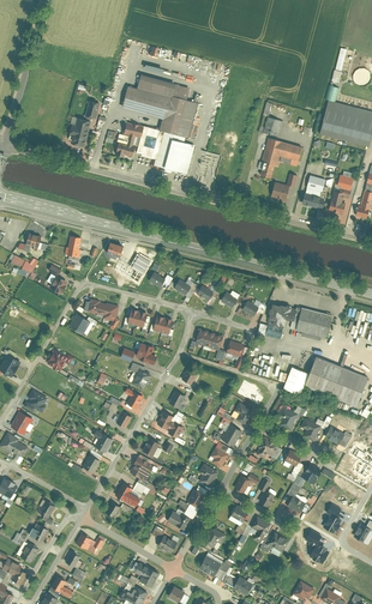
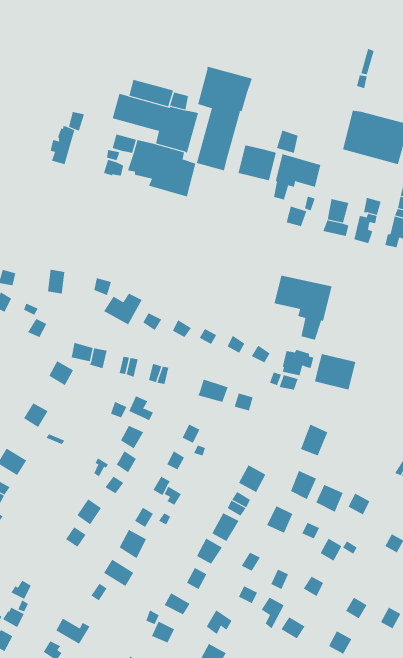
building: none -> [196,66,252,171]
building: none -> [238,144,277,181]
building: none -> [274,275,332,341]
building: [305,357,366,407] -> none

